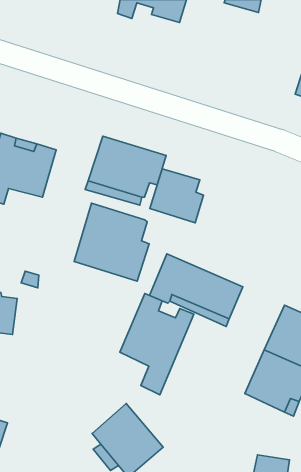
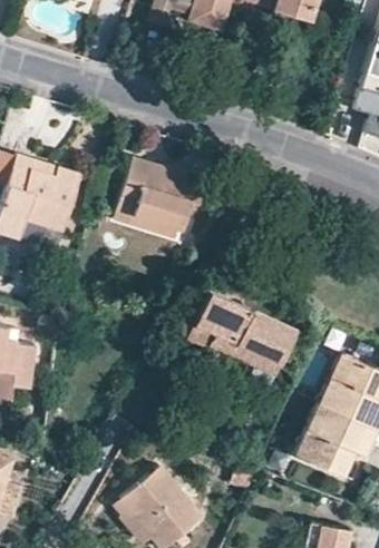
building: [150,169,203,223] -> none
building: [74,203,149,281] -> none
building: [120,294,194,395] -> none

